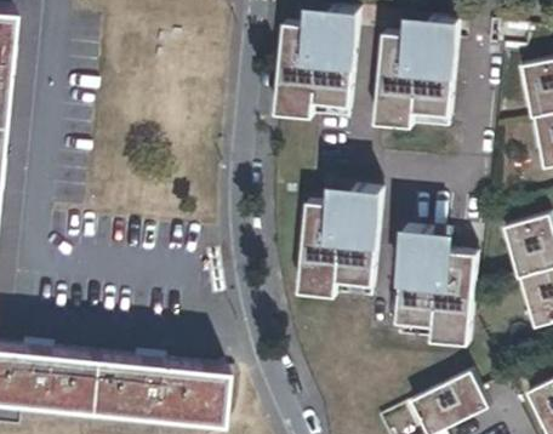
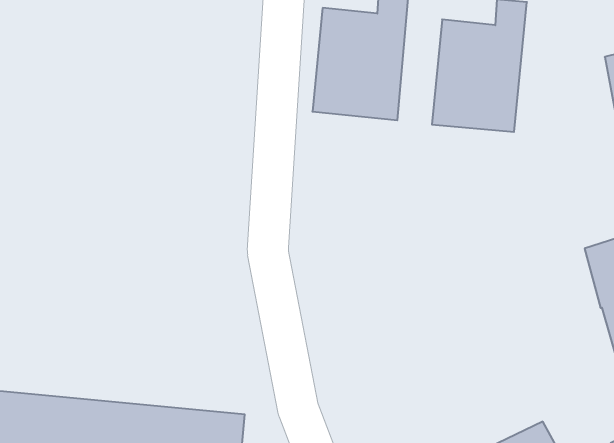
building: [301,184,382,296] -> none
building: [398,225,474,343] -> none

